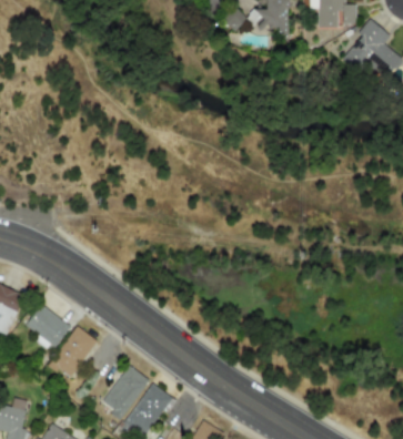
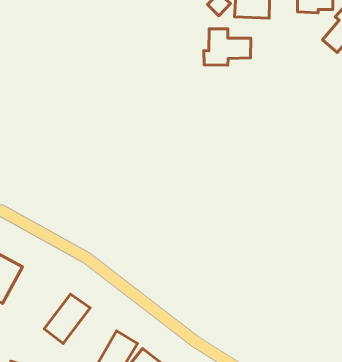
building: none -> [204,29,251,65]
building: [26,306,70,353] -> none

